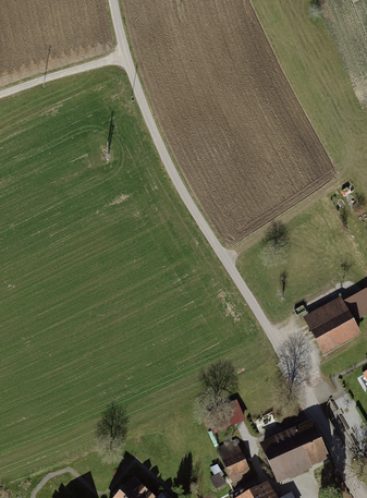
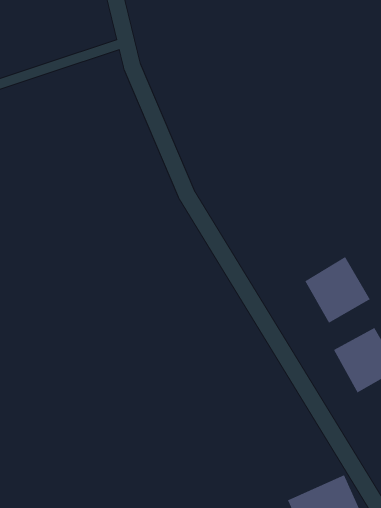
building: none -> [304,256,371,323]

